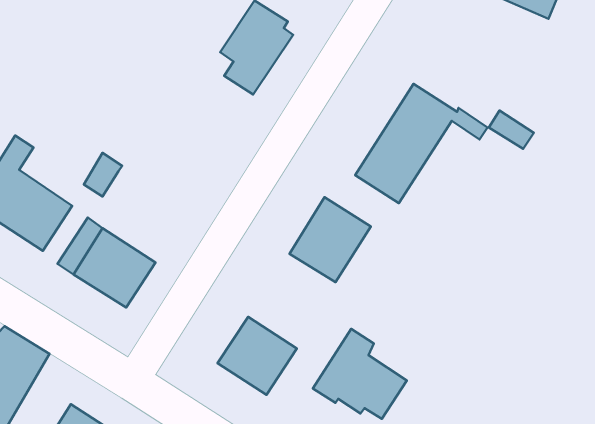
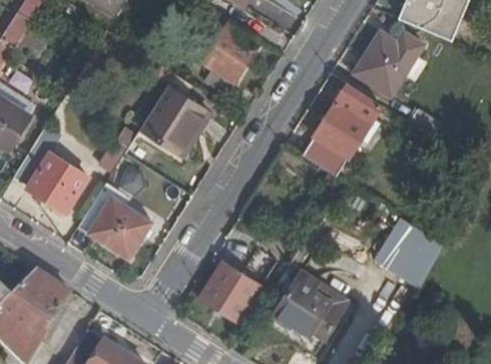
building: none -> [354,33,422,94]
building: none -> [140,85,209,154]
building: [290,197,371,282] -> none
building: none -> [370,223,440,289]

